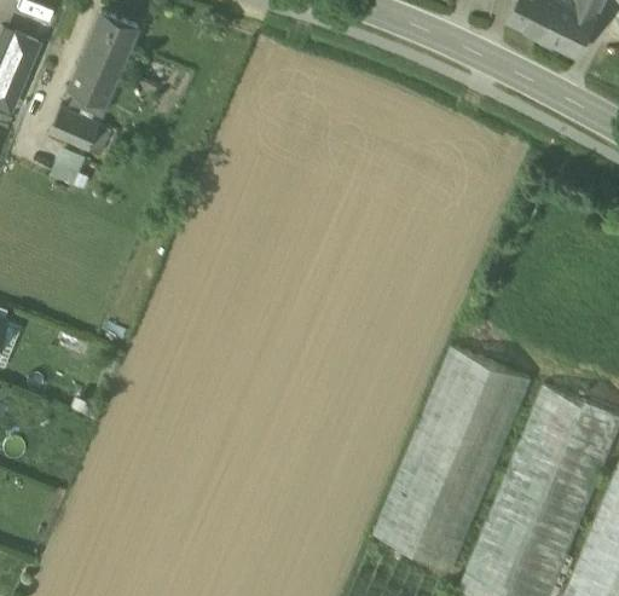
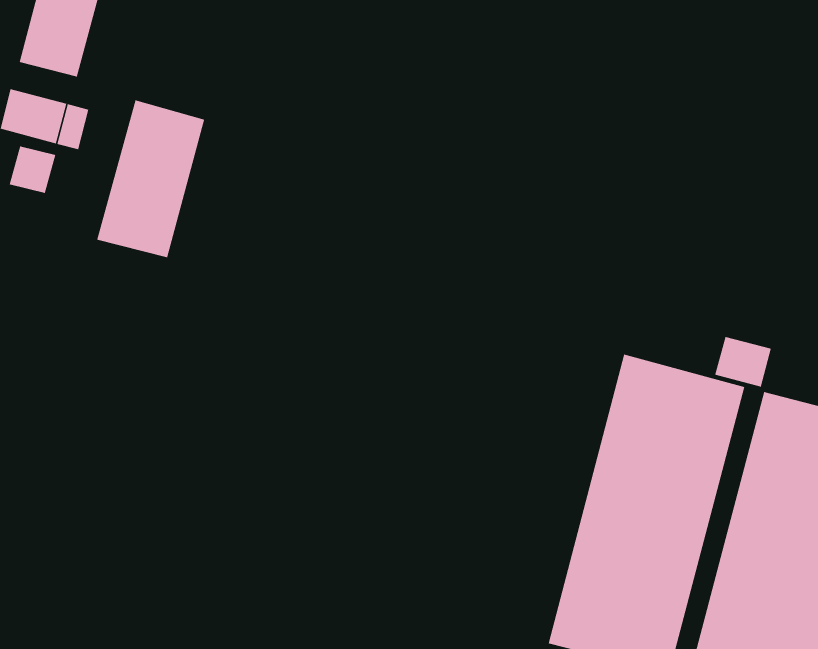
building: none -> [97,99,205,258]
building: none -> [715,336,772,387]

